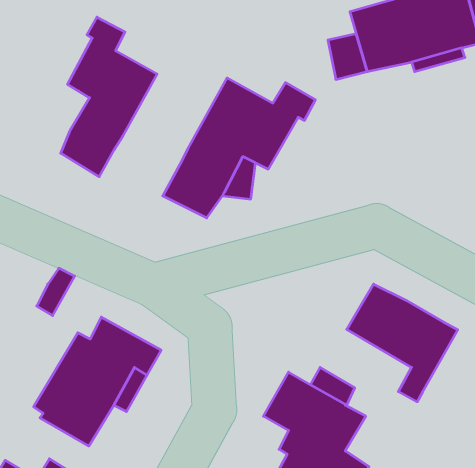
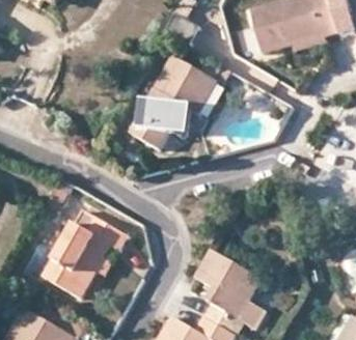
building: [61,17,157,177] -> none
building: [347,284,458,402] -> none

